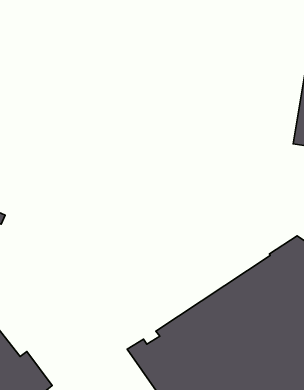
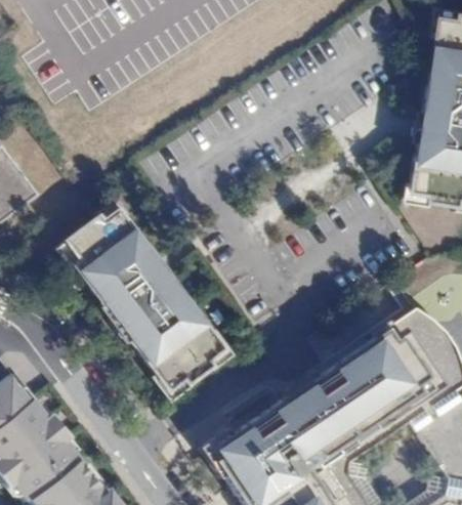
building: none -> [66,210,221,385]

